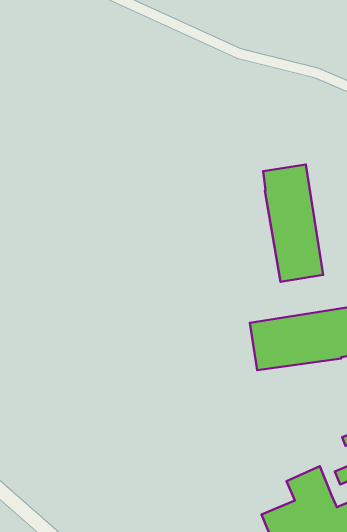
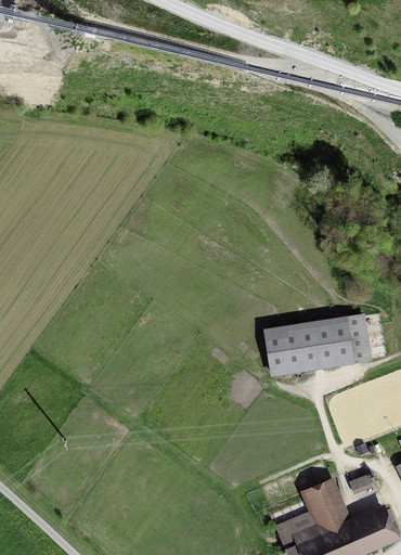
building: [263,164,323,282] -> none

